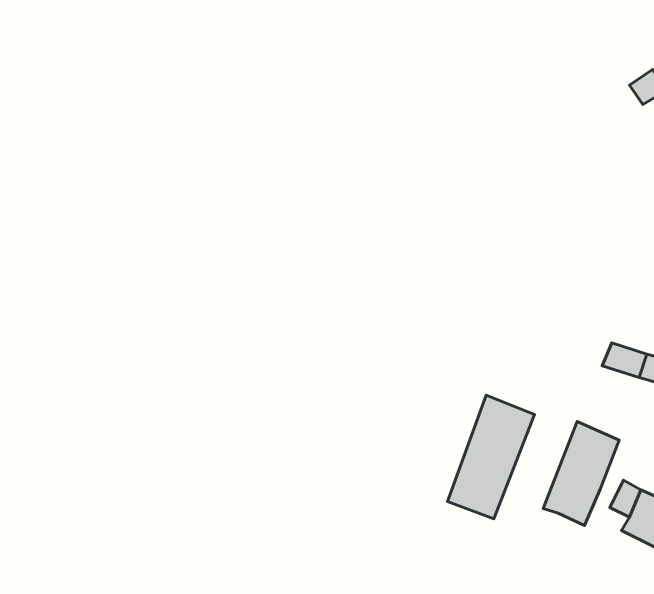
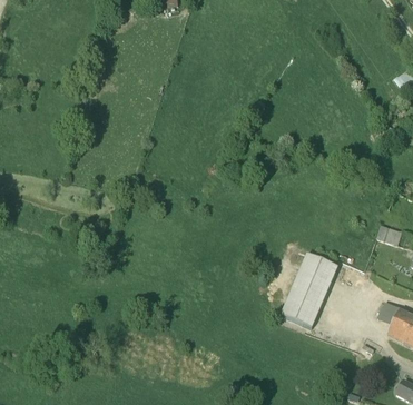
building: [543,422,619,526] -> none

